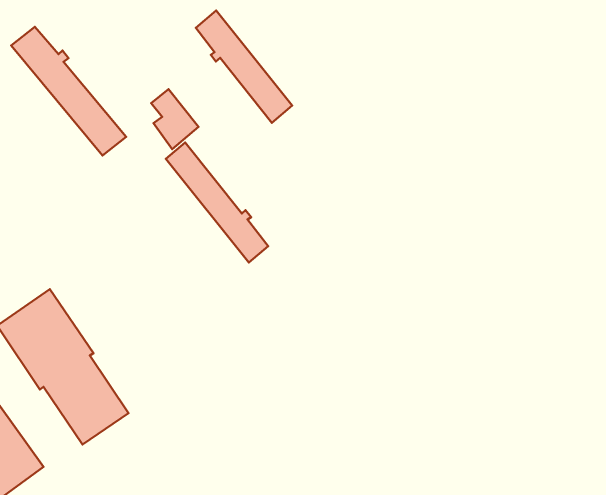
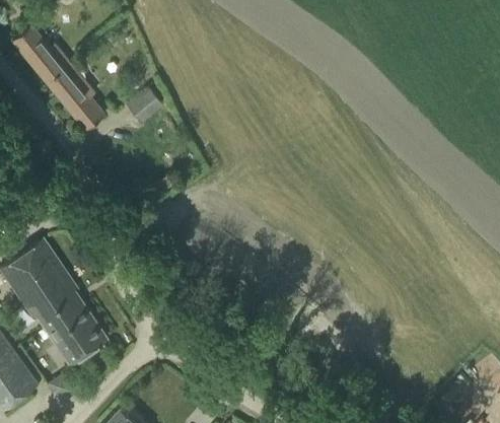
building: [196,11,292,123] -> none
building: [166,143,268,263] -> none

